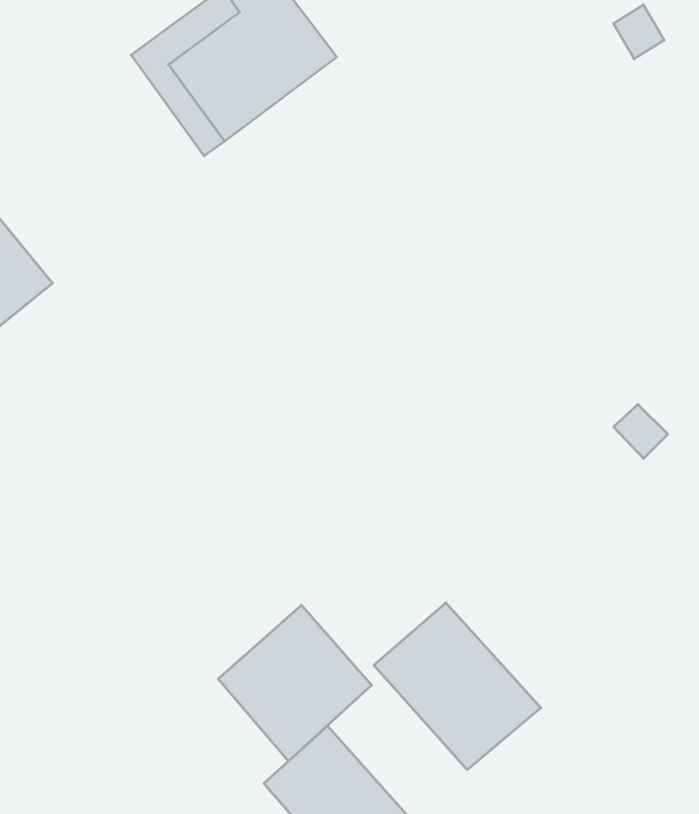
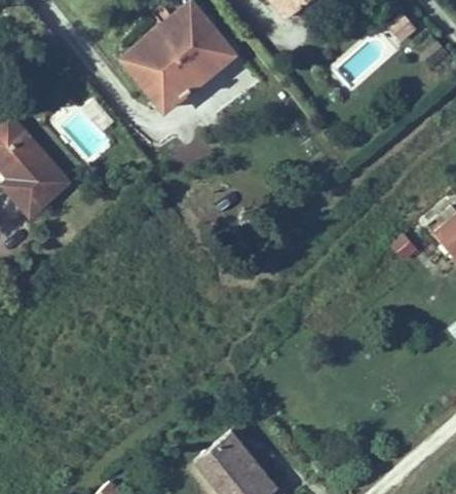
building: [374,603,541,770] -> none
building: [218,605,372,761] -> none

